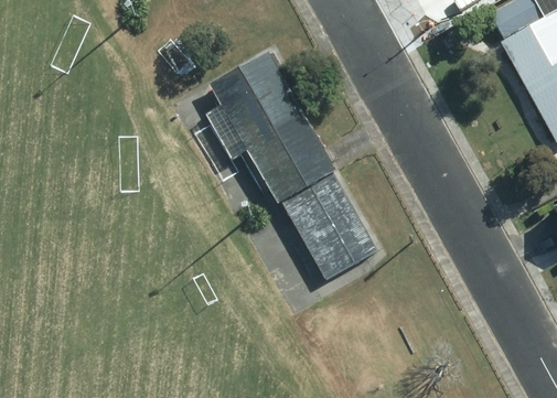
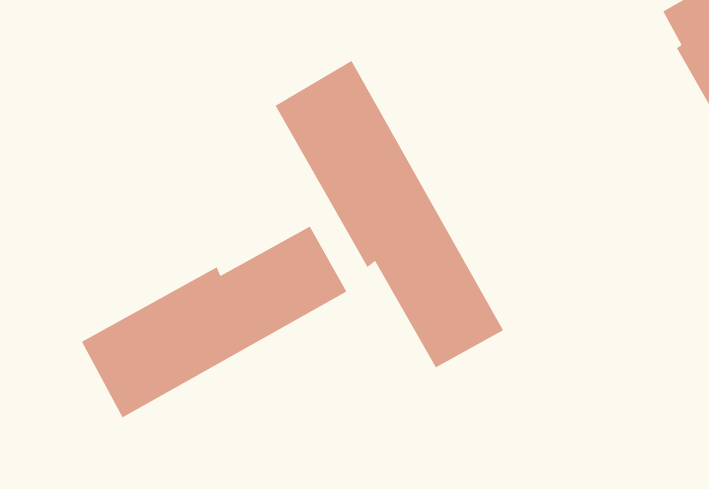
building: none -> [81,226,348,418]

